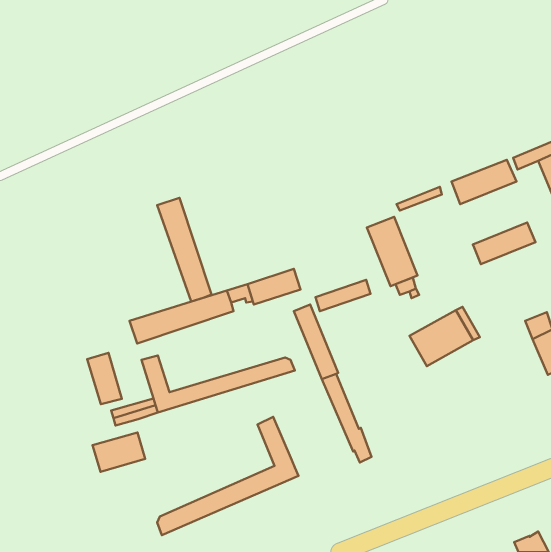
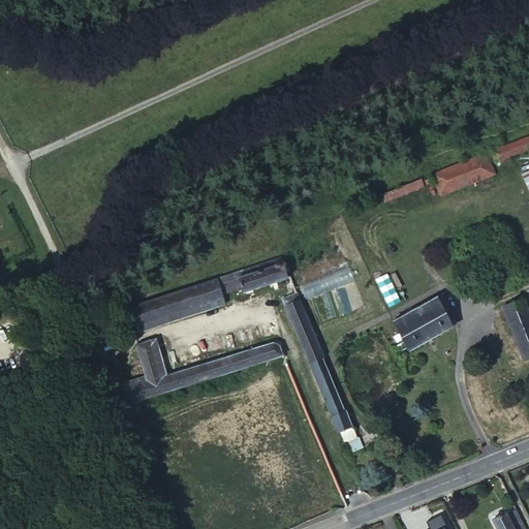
building: [157,198,211,302] -> none
building: [367,217,418,286] -> none
building: [473,222,535,264] -> none
building: [87,353,122,404] -> none
building: [157,417,299,535] -> none
building: [93,432,145,472] -> none

